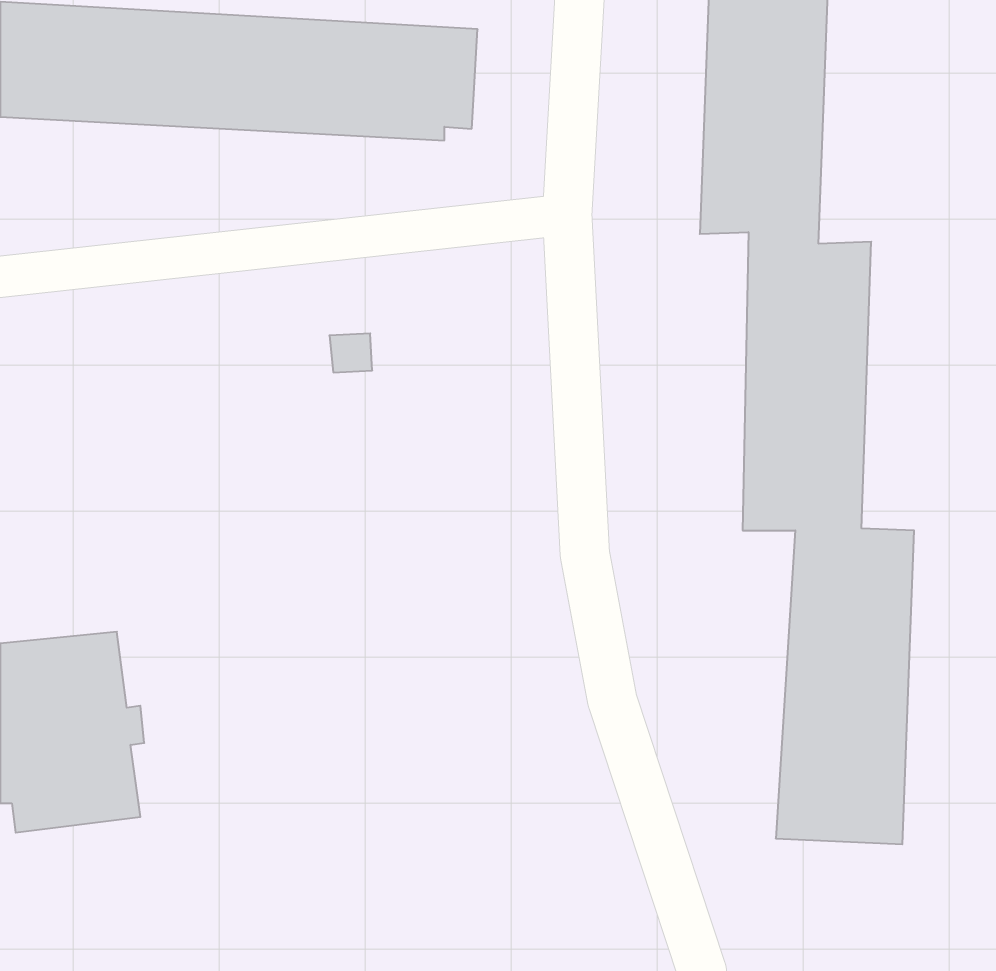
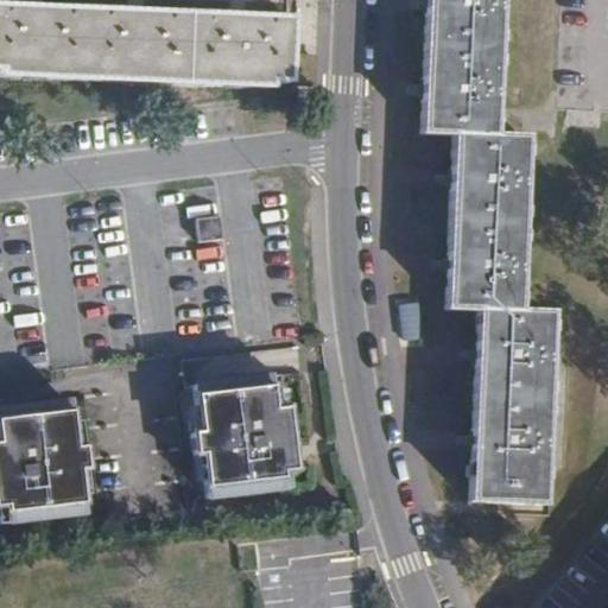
building: none -> [194,360,296,481]

